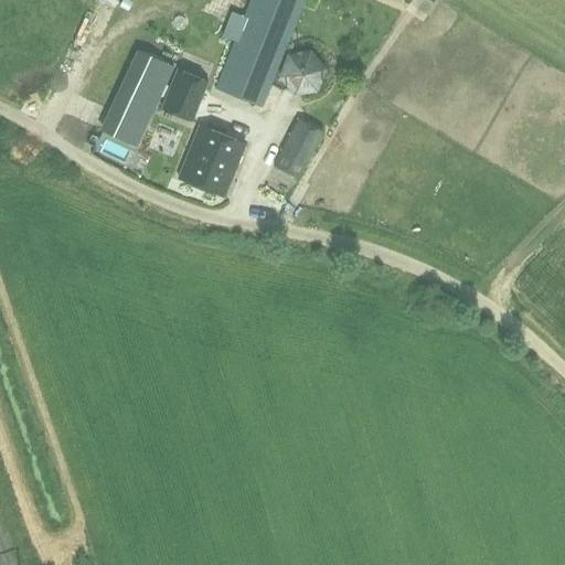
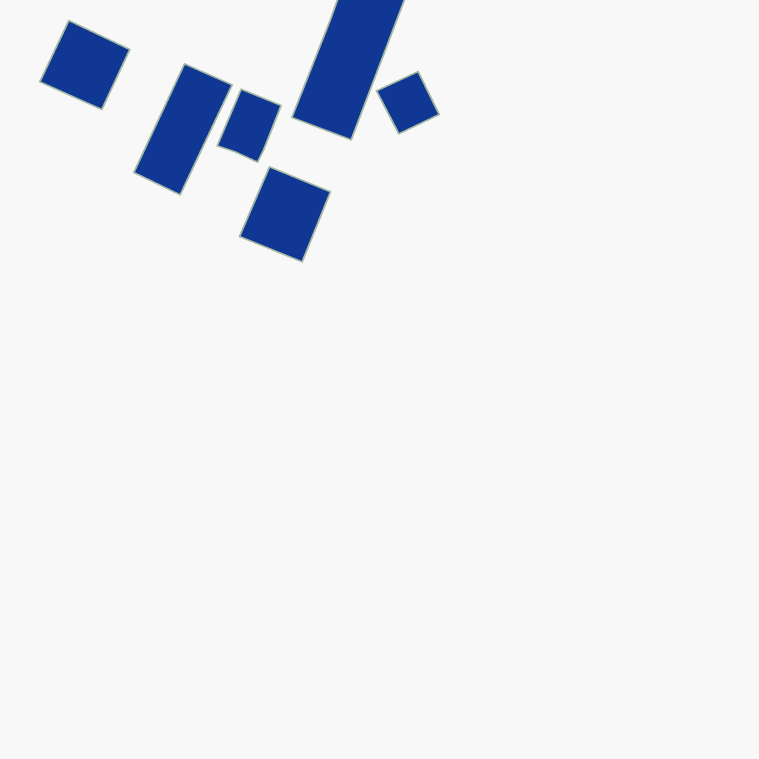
building: none -> [40,21,130,110]
building: [274,117,321,174] -> none

